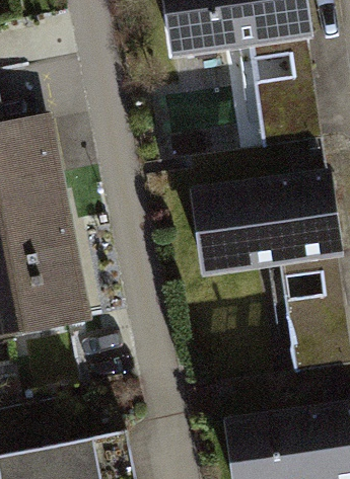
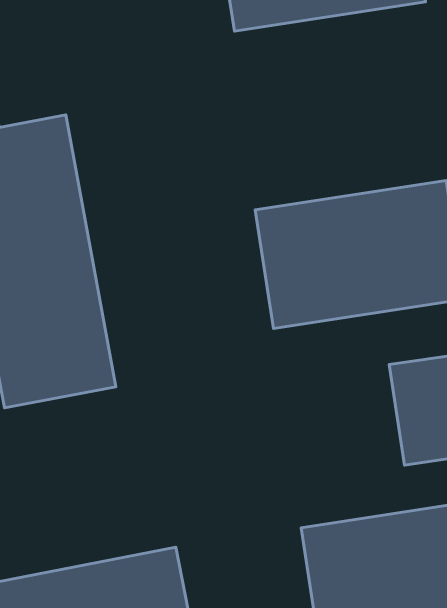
building: [259,77,321,144] -> none

